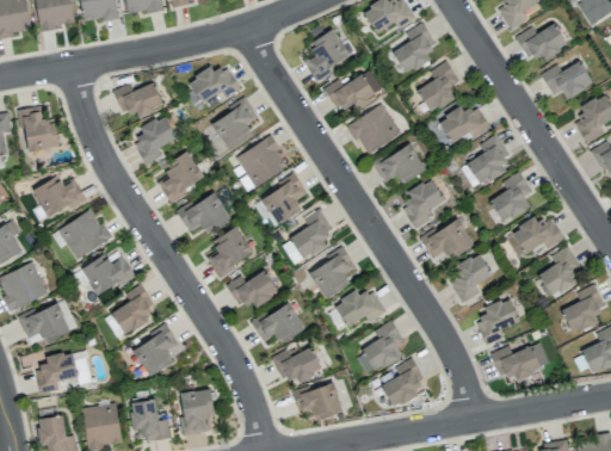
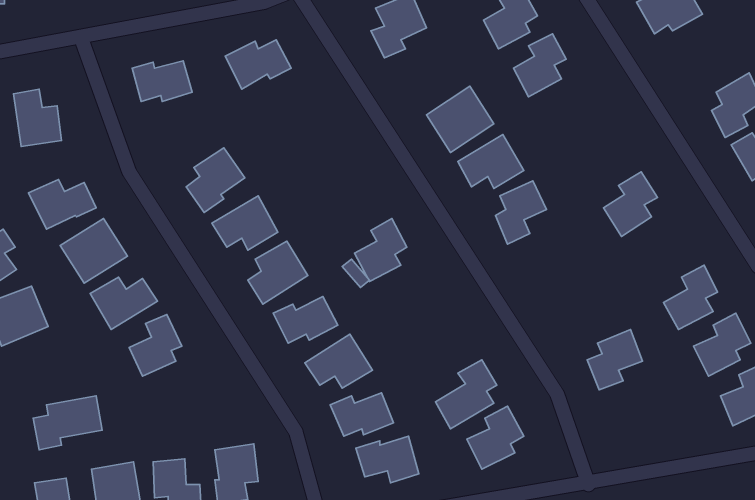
building: [541,61,594,100] -> none
building: [325,70,382,116] -> none
building: [210,99,258,149] -> none
building: [438,106,492,143] -> none
building: [134,116,177,165] -> none
building: [461,135,511,189] -> none
building: [234,136,289,192] -> none
building: [263,173,307,223] -> none
building: [421,217,475,260] -> none
building: [511,217,564,254] -> none
building: [308,248,356,299] -> none
building: [450,253,493,303] -> none
building: [333,289,387,327] -> none
building: [19,302,70,344] -> none
building: [131,325,179,377] -> none
building: [492,342,549,379] -> none

